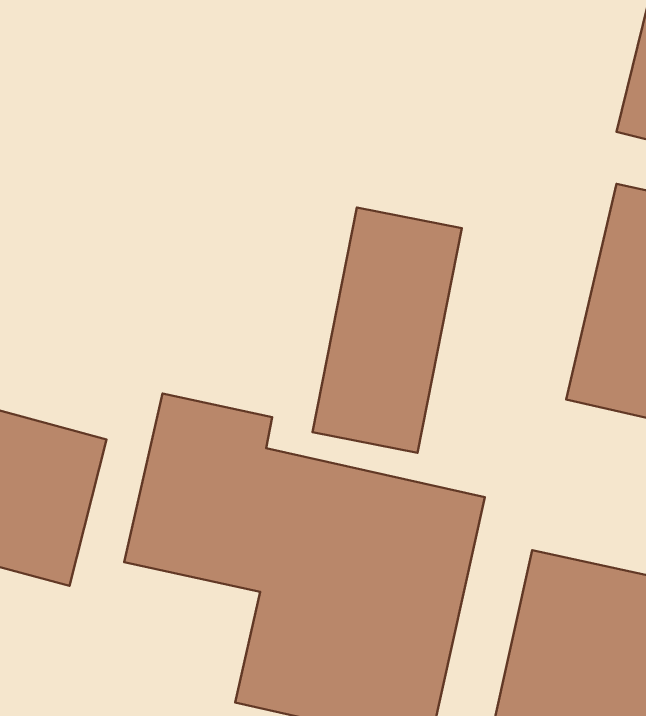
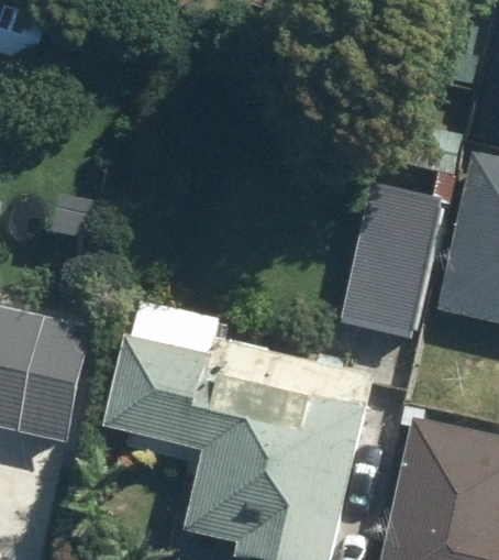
building: [313,207,462,453] -> [339,155,450,338]

